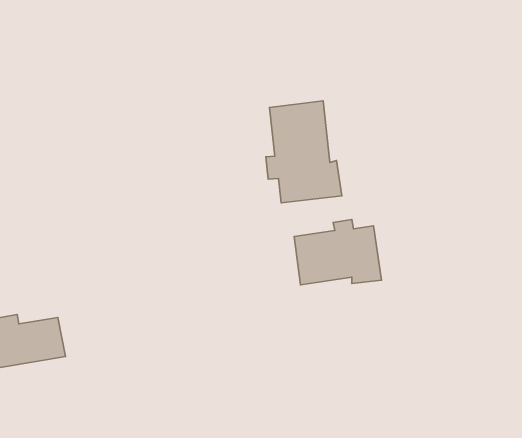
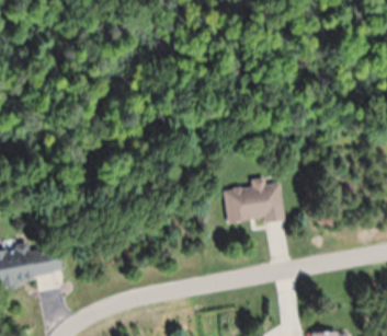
building: [266,101,342,203] -> none

